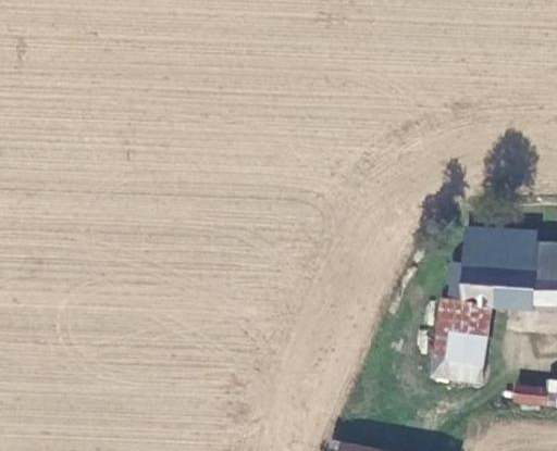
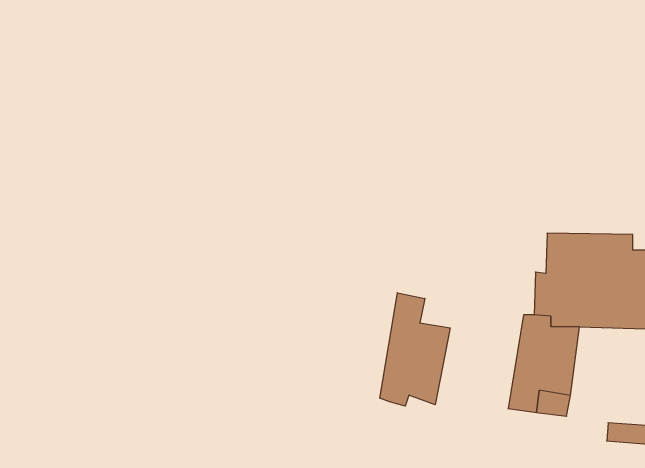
building: none -> [380,293,450,406]

